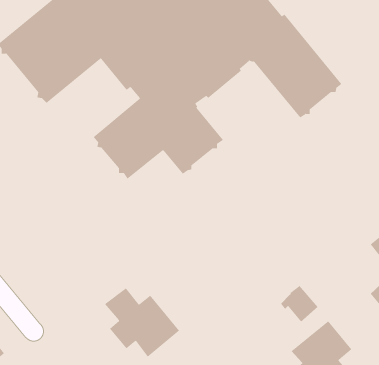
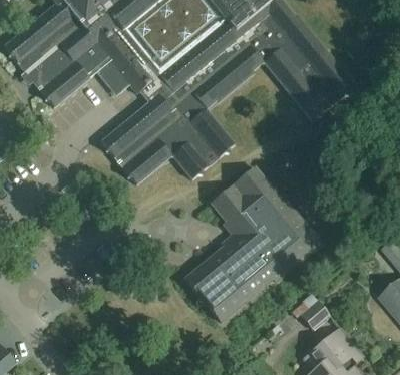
building: none -> [184,168,321,322]
building: [104,288,180,358] -> none

